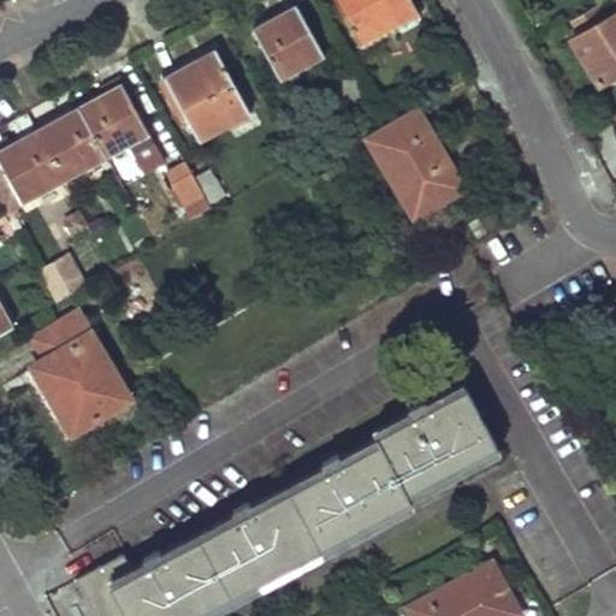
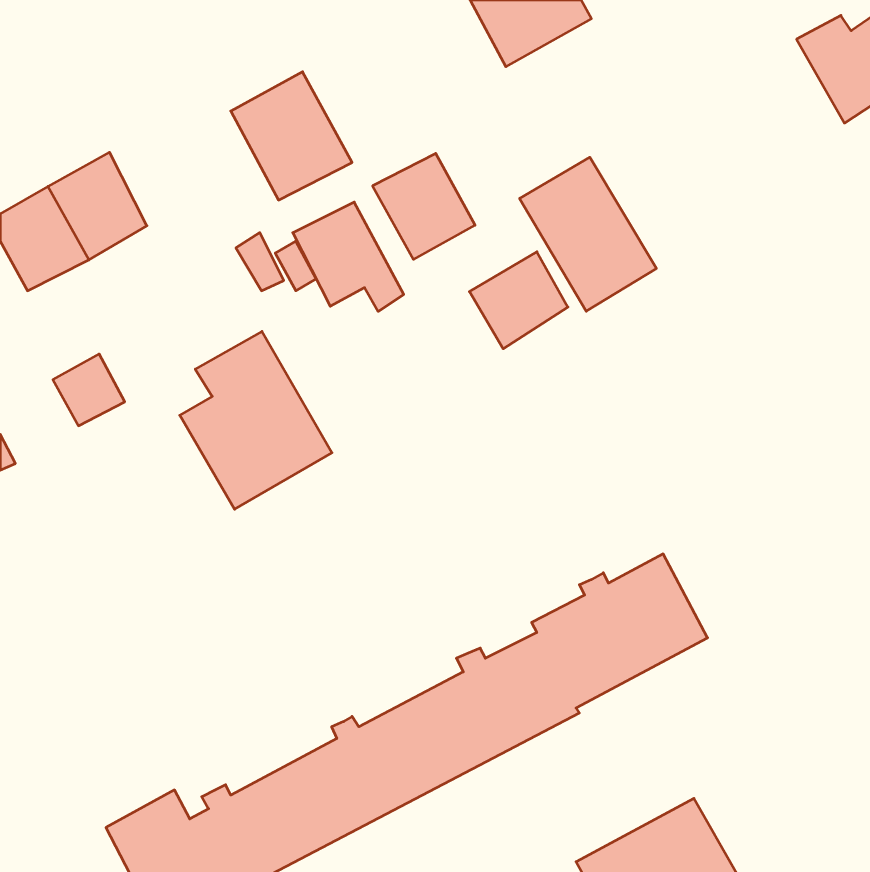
building: [251,7,324,82] -> [373,153,475,259]
building: [79,87,158,164] -> [293,202,404,311]
building: none -> [469,252,568,349]
building: [24,314,131,439] -> [180,331,332,509]

